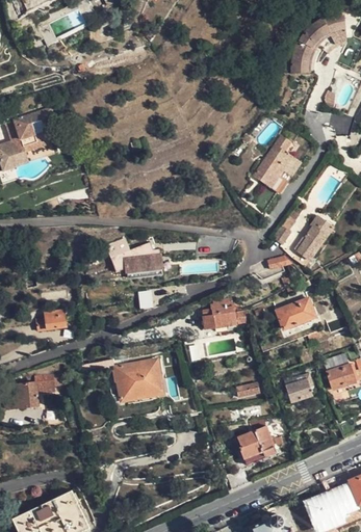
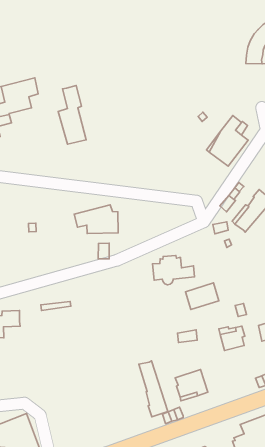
building: none -> [58,85,86,144]
building: [276,297,314,329] -> [186,283,219,310]
building: [35,310,66,330] -> none
building: [113,358,162,401] -> none
building: none -> [139,361,168,417]

